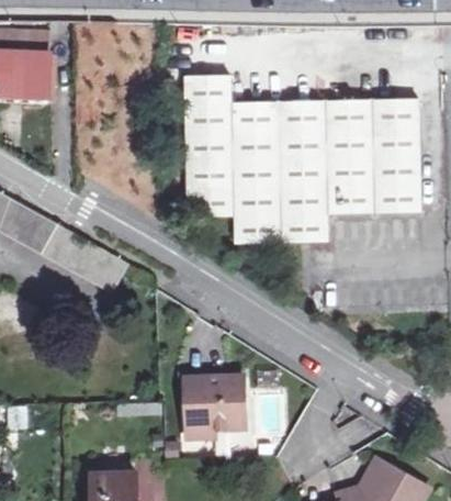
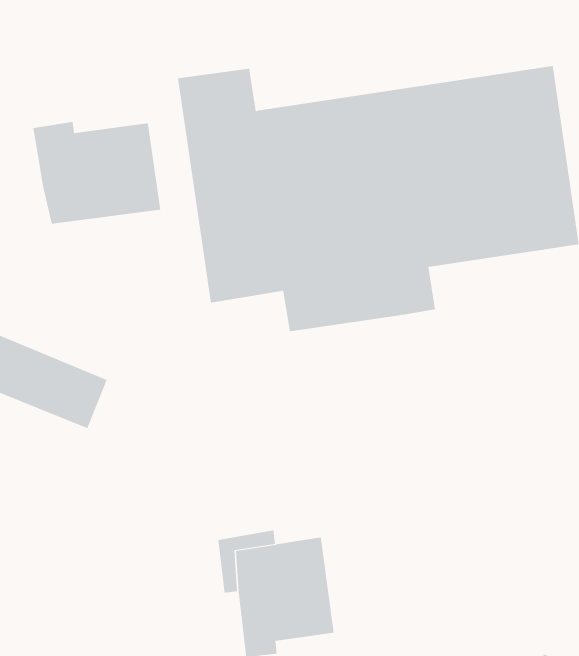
building: none -> [33,121,161,224]

